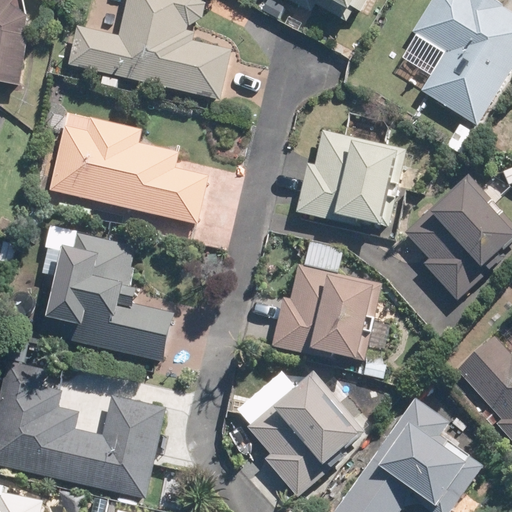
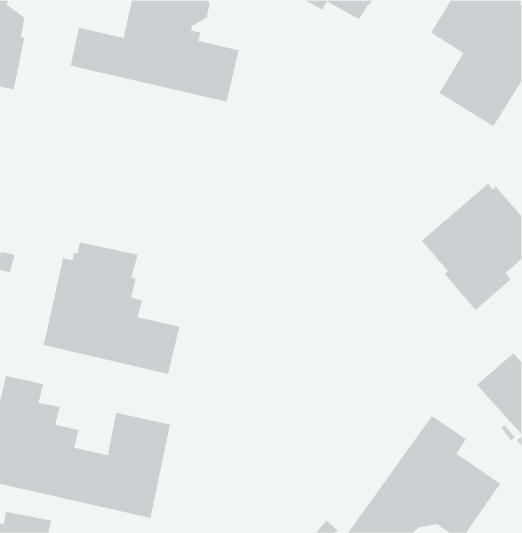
building: [48,114,207,222] -> none
building: [297,131,404,222] -> none
building: [273,265,380,355] -> none
building: [249,375,364,496] -> none

